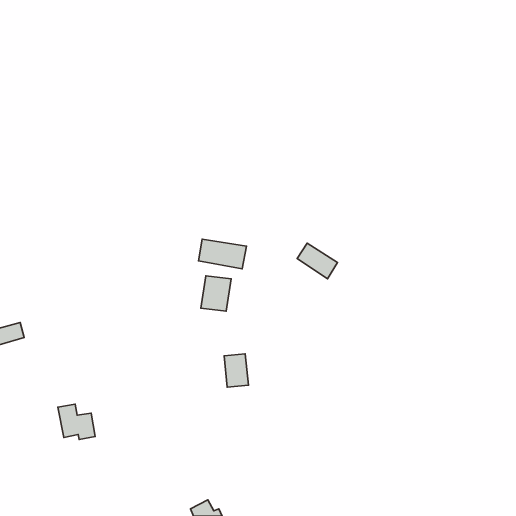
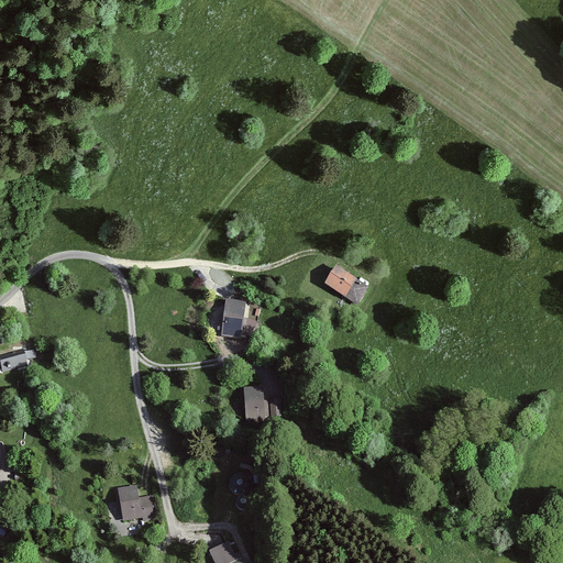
building: [199,239,247,269] -> none
building: [58,404,95,440] -> [115,485,156,523]

